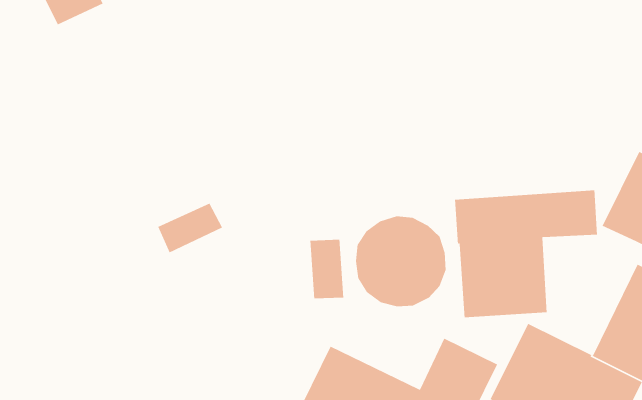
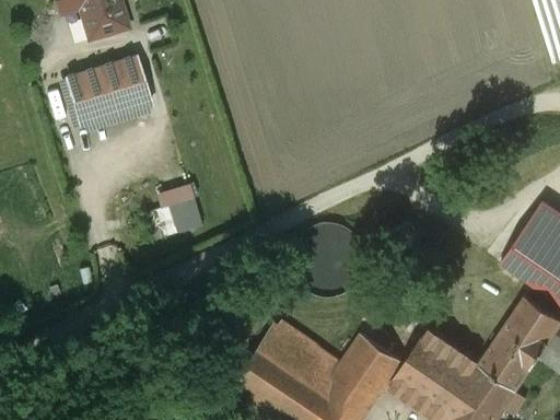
building: none -> [66,54,151,126]
building: [454,190,598,318] -> none
building: [310,239,344,299] -> none

